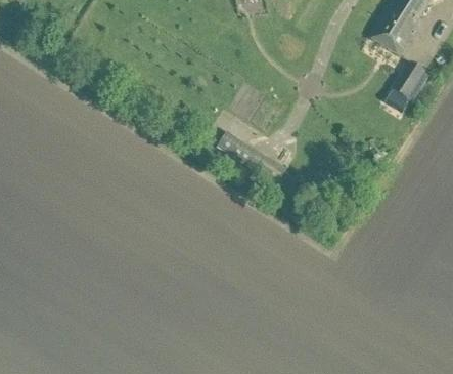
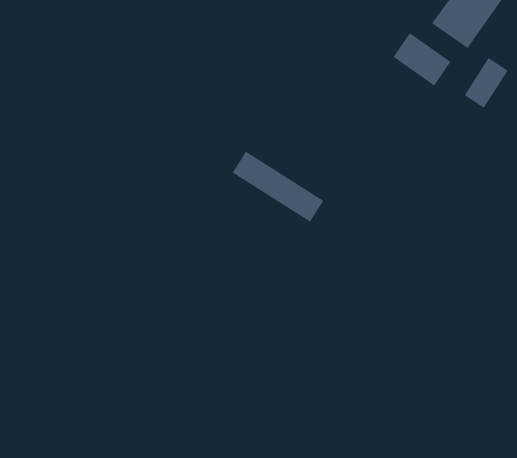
building: none -> [393,32,451,86]

